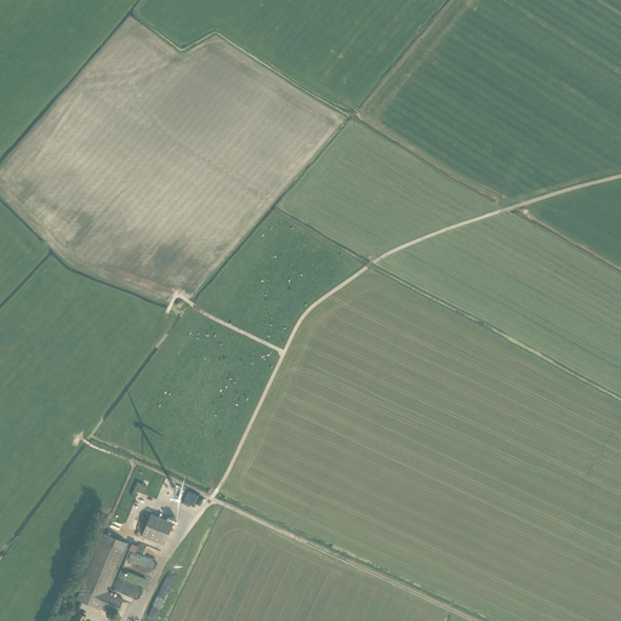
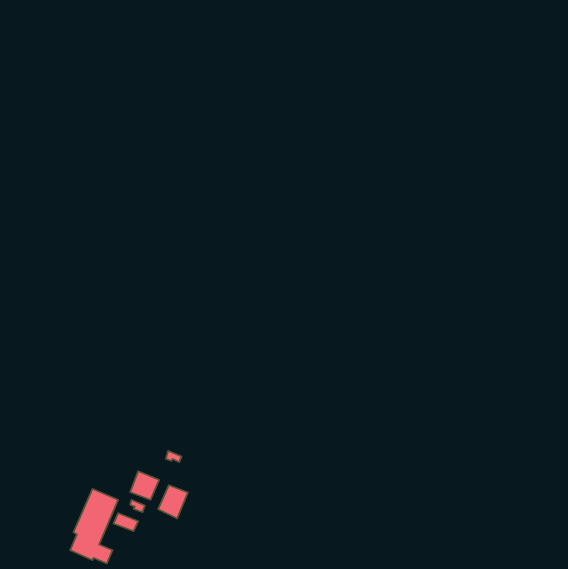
building: none -> [158,485,188,518]

